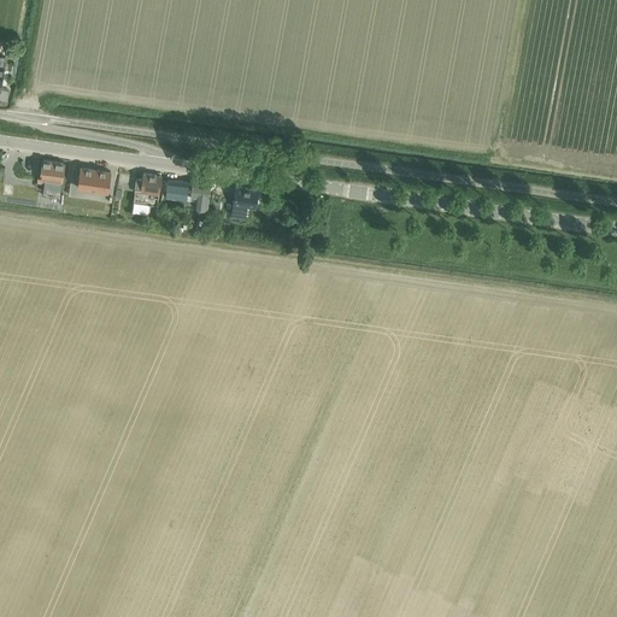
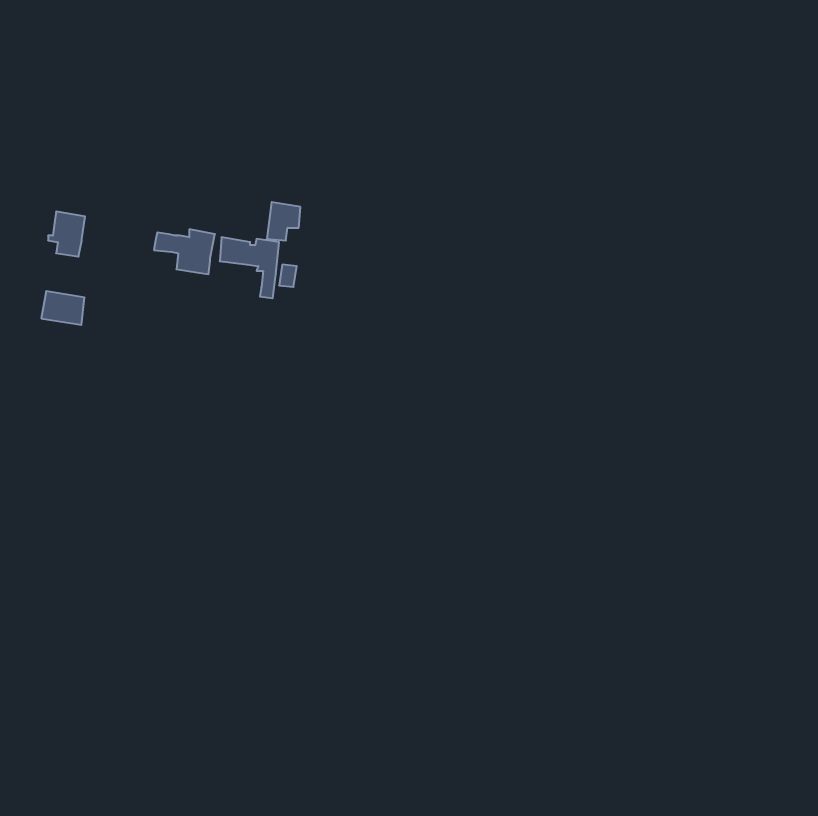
building: [77,169,110,194] -> [41,291,85,325]
building: [231,188,257,217] -> [267,202,300,241]

